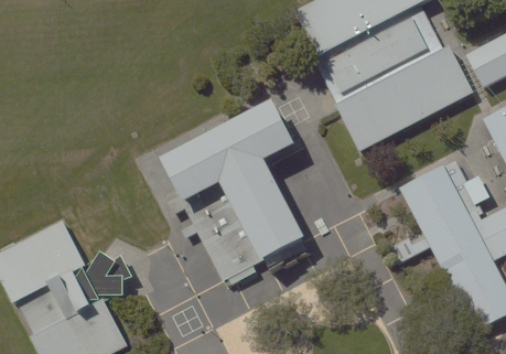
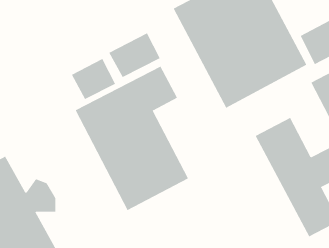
building: none -> [108,33,160,78]
building: none -> [71,58,116,100]

